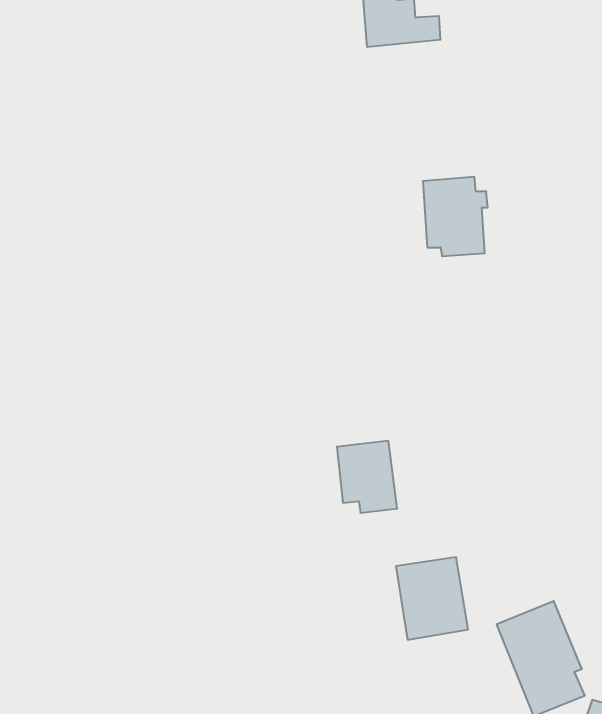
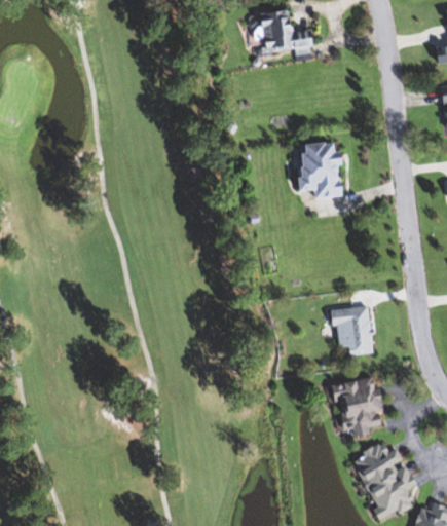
building: [337,441,397,513] -> [331,306,373,356]
building: [396,557,468,640] -> [333,377,383,435]

